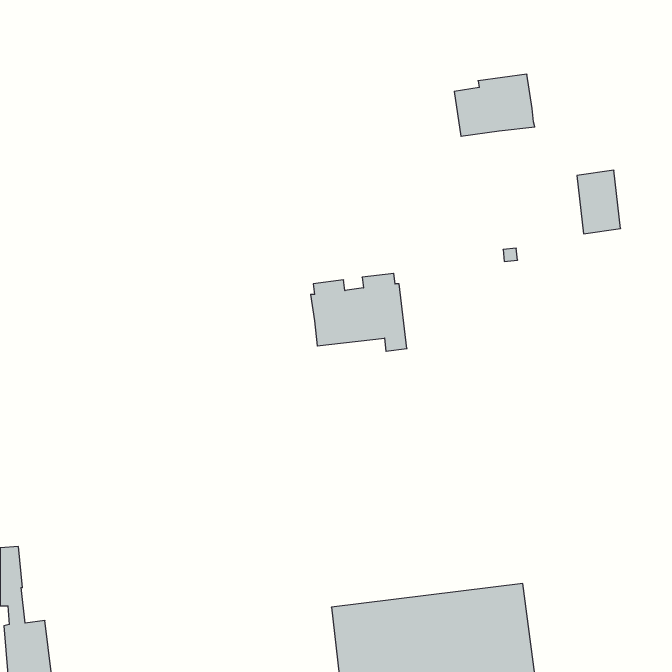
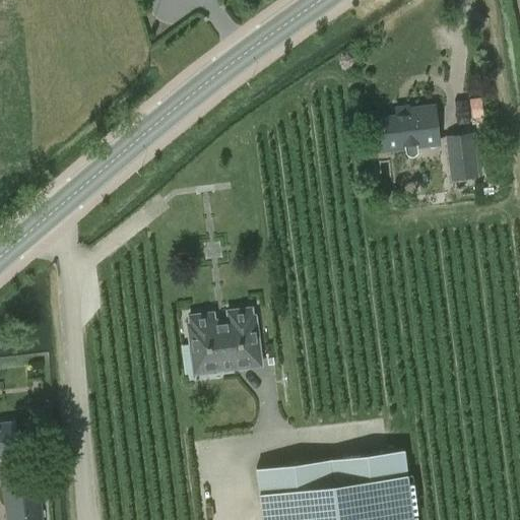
building: [454,74,535,136] -> [379,106,441,153]
building: [311,273,407,351] -> [188,309,262,369]

